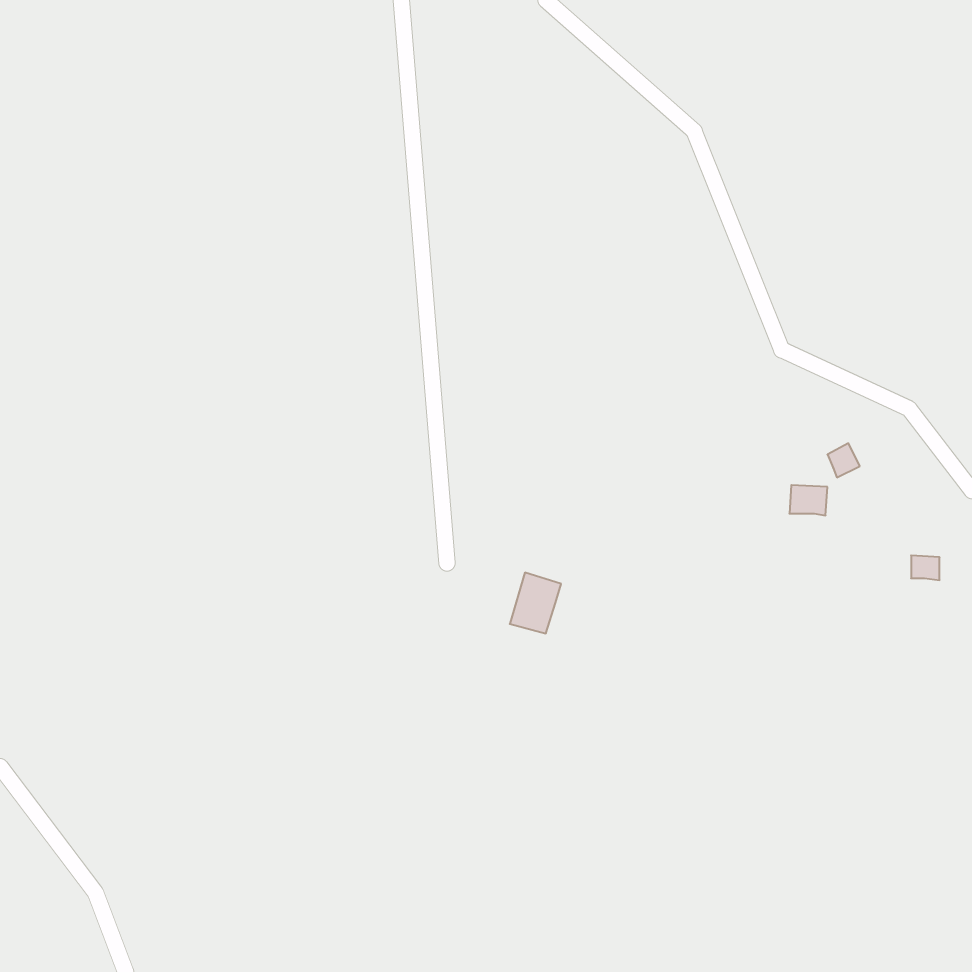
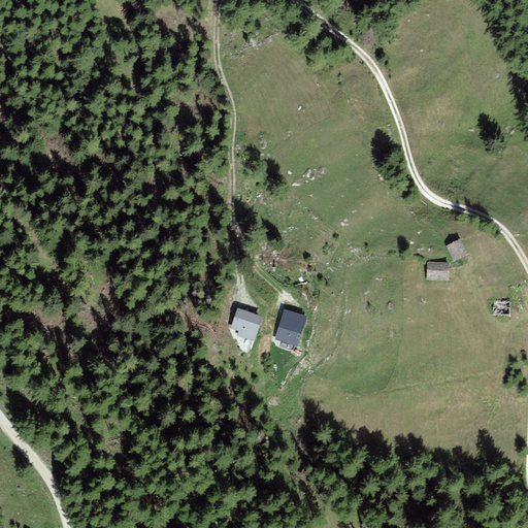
building: none -> [232,309,261,339]

